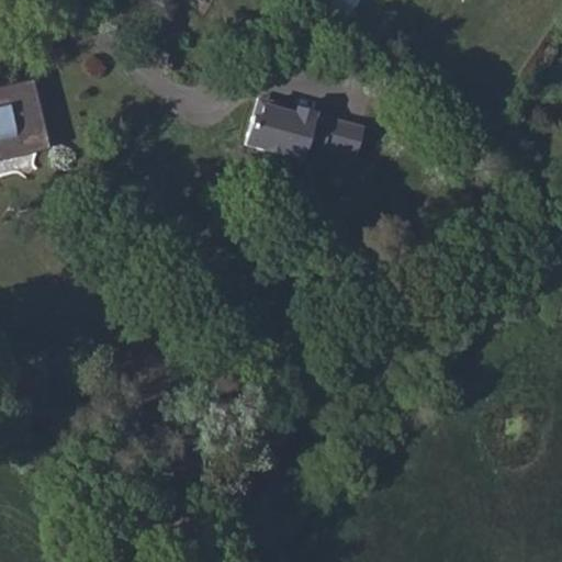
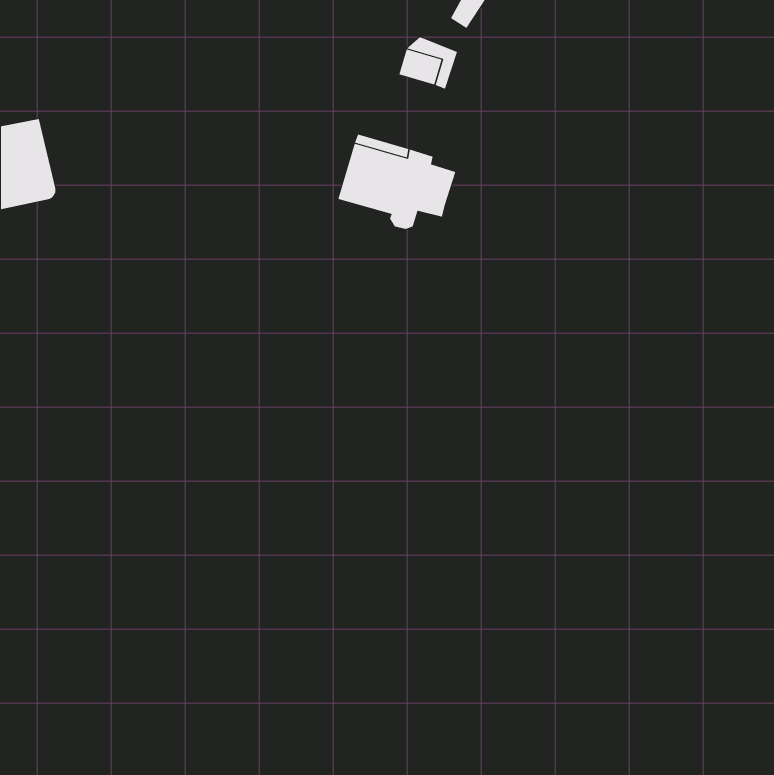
building: [314,113,364,157] -> none

